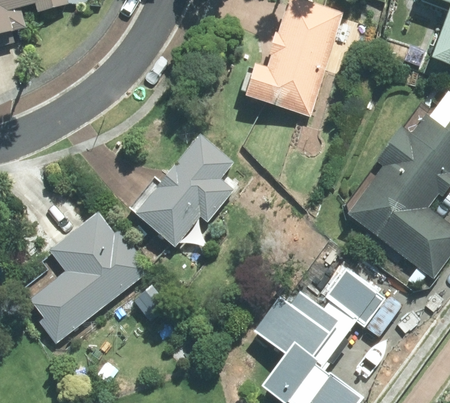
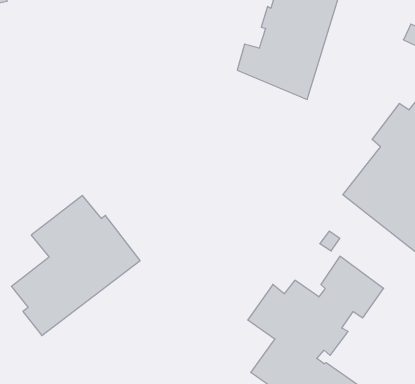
building: [128,132,235,246] -> none

